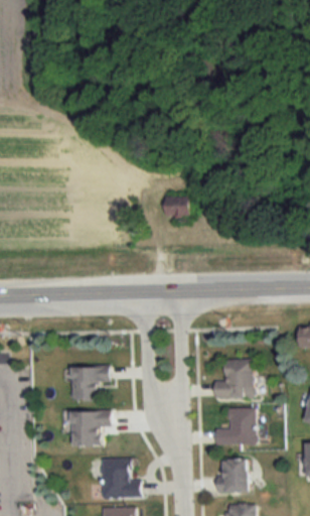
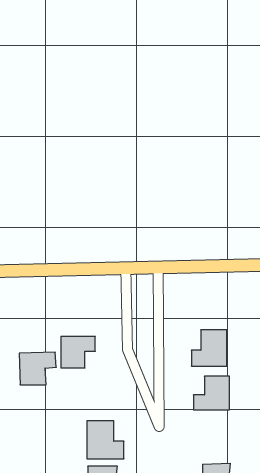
building: [164,198,188,218] -> none
building: [70,410,111,445] -> [19,352,56,385]
building: [215,459,247,492] -> none

